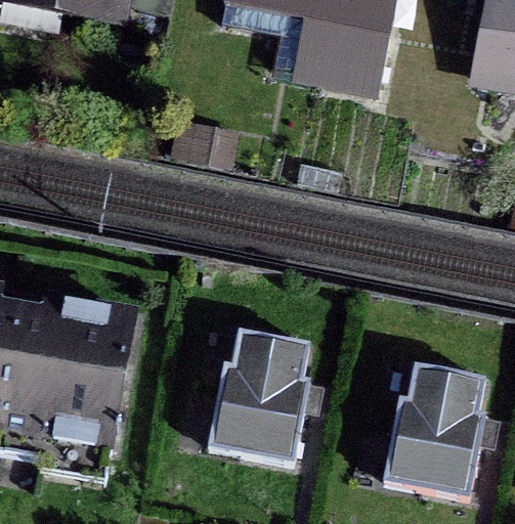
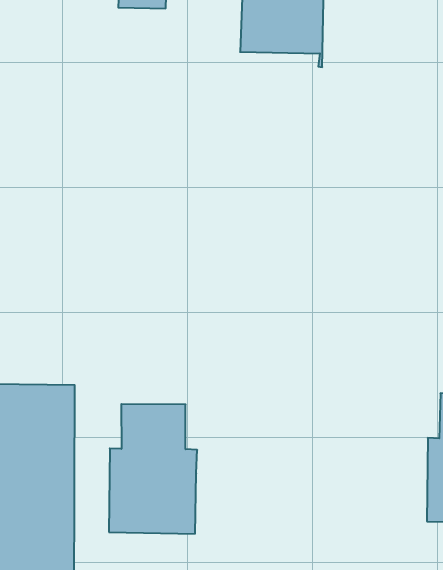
building: [213,345,295,458] -> [109,404,197,534]

